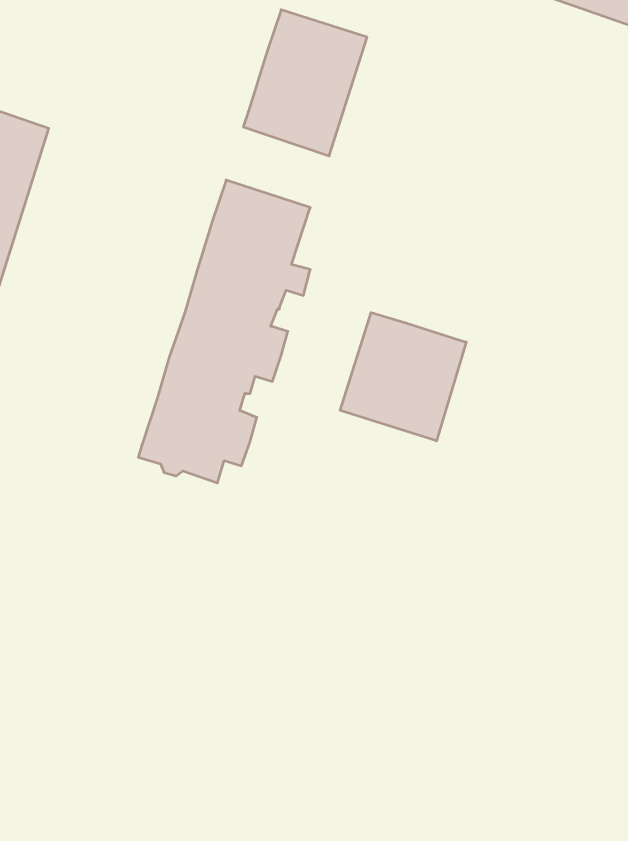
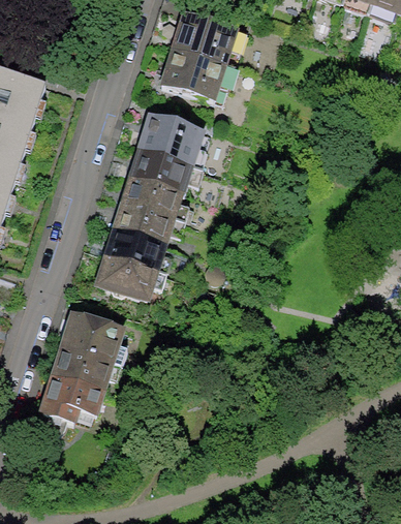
building: [340,313,466,441] -> none
building: none -> [40,309,125,431]

